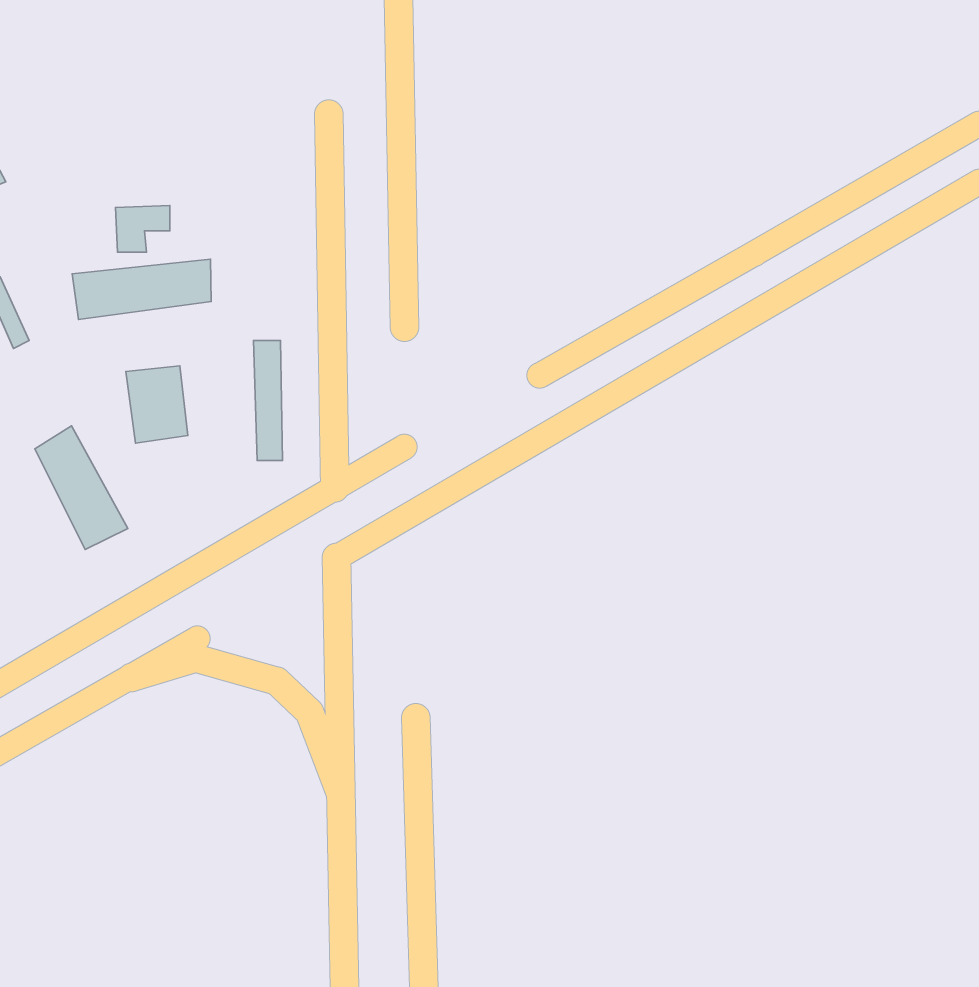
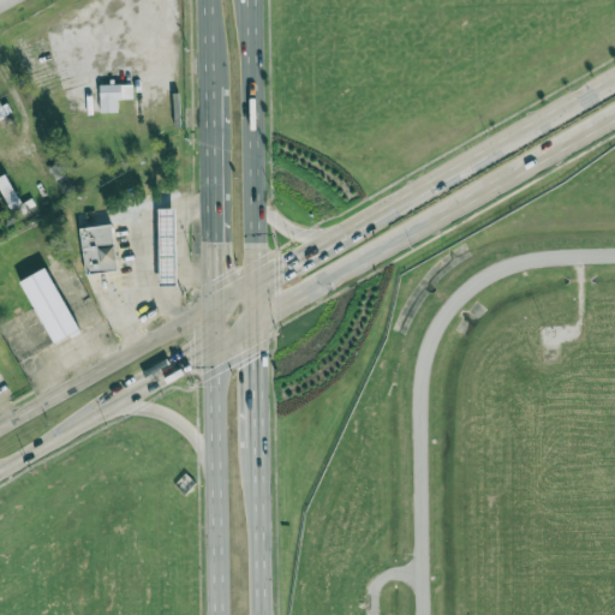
building: [116,206,170,252] -> [92,82,126,111]
building: [72,259,211,320] -> none

